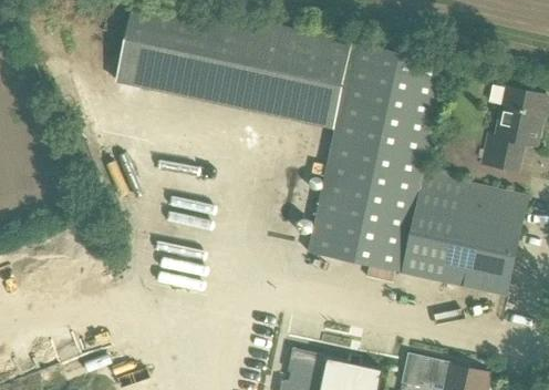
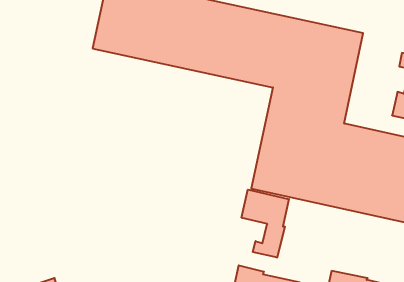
building: none -> [242,190,289,258]

